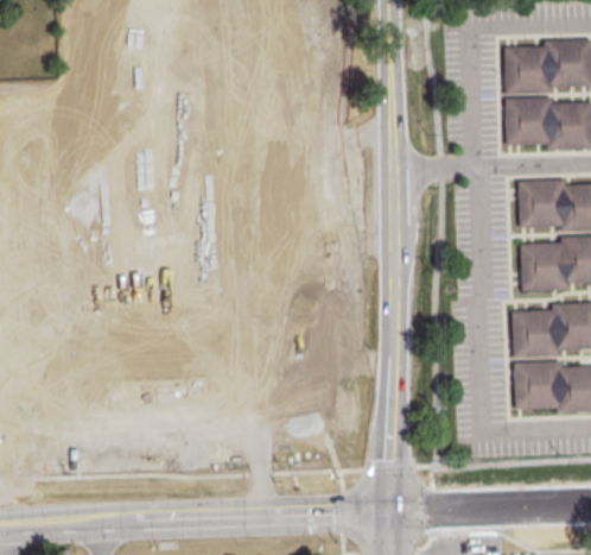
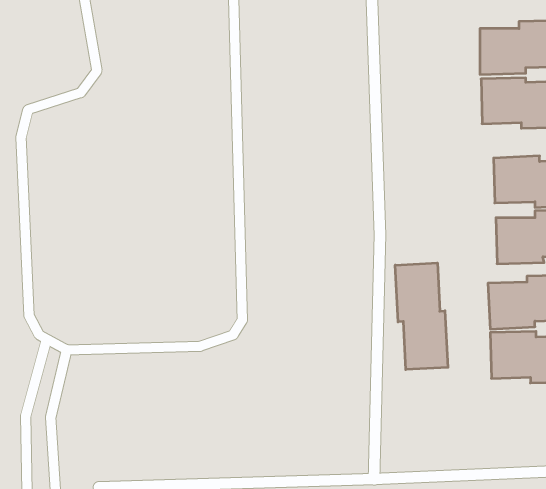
building: none -> [395,263,448,370]

